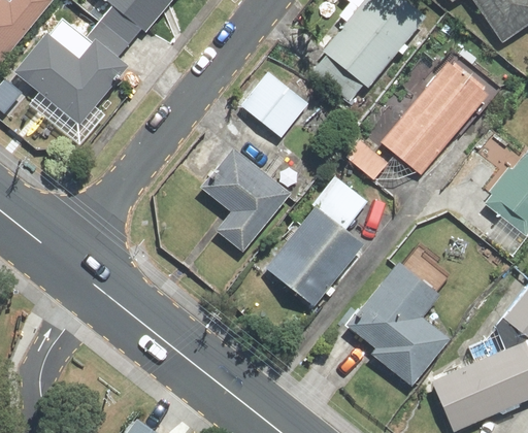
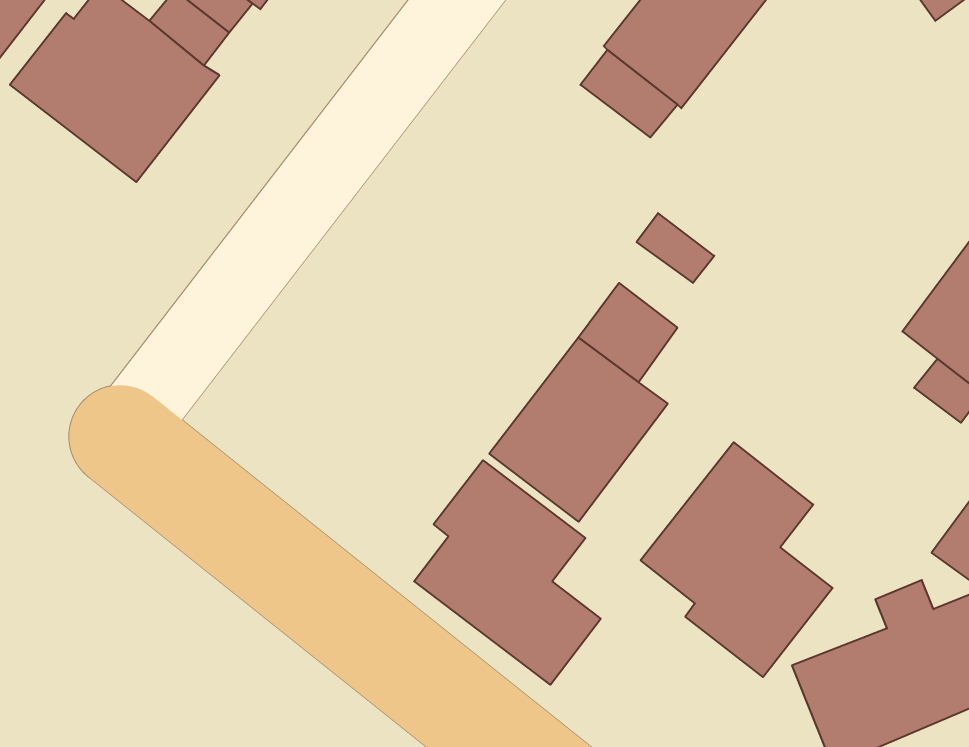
building: [384,67,483,174] -> none
building: [244,73,307,135] -> none
building: [200,151,287,251] -> none
building: none -> [414,460,601,685]

